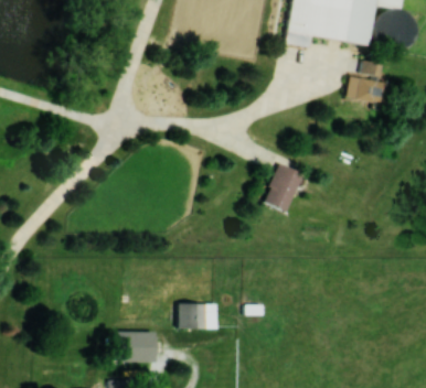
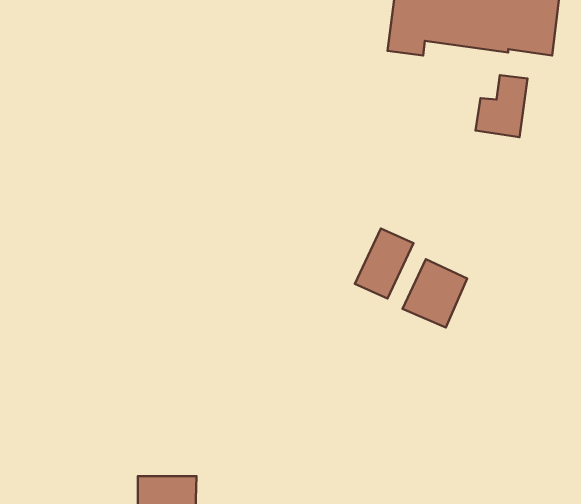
building: none -> [403,259,467,328]
building: [179,302,219,328] -> none

